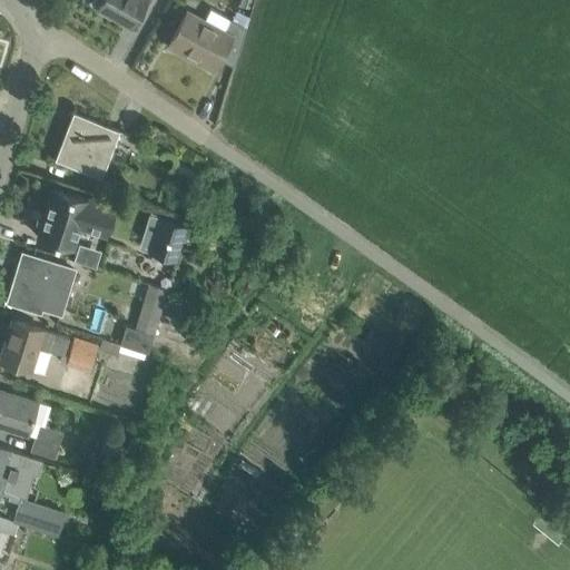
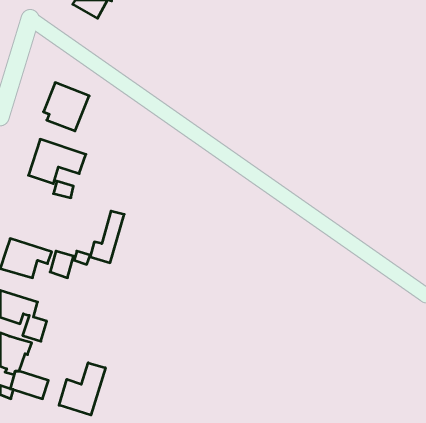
building: [170,10,246,72] -> none
building: [151,220,186,262] -> none
building: [8,258,75,316] -> none
building: none -> [59,363,105,415]

